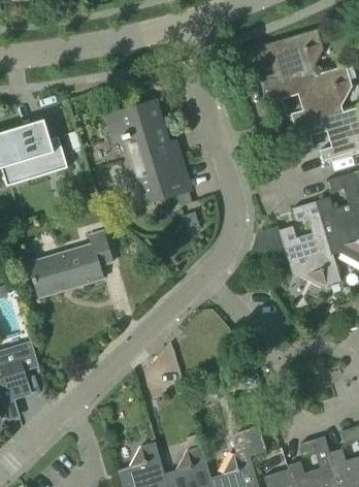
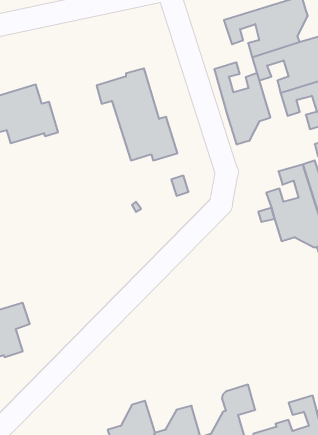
building: none -> [214,62,270,145]
building: [29,232,112,298] -> none

